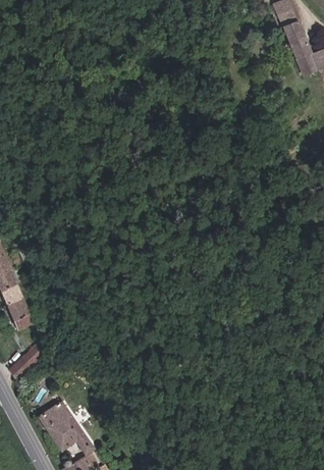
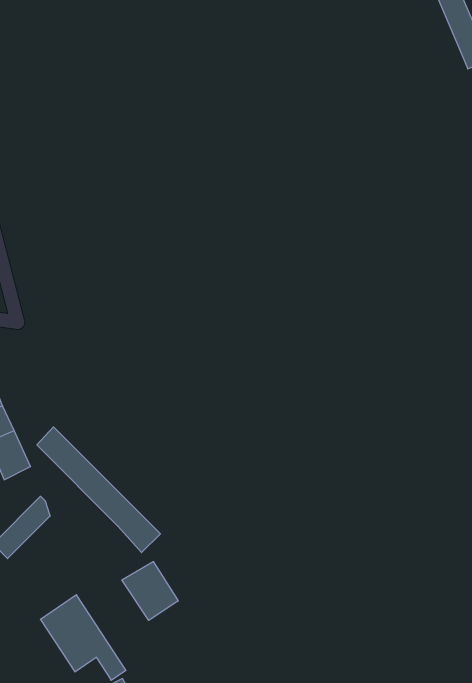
building: none -> [37,427,160,553]
building: none -> [122,562,178,620]

